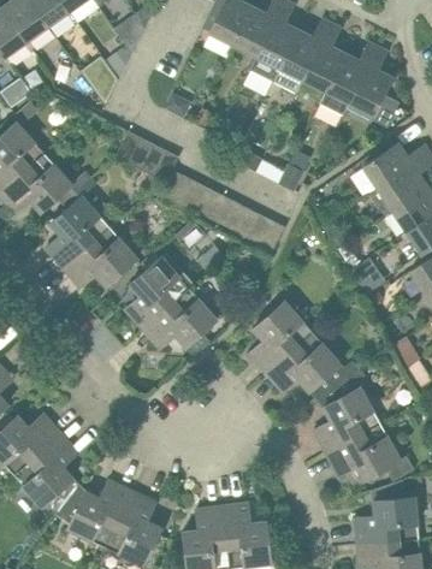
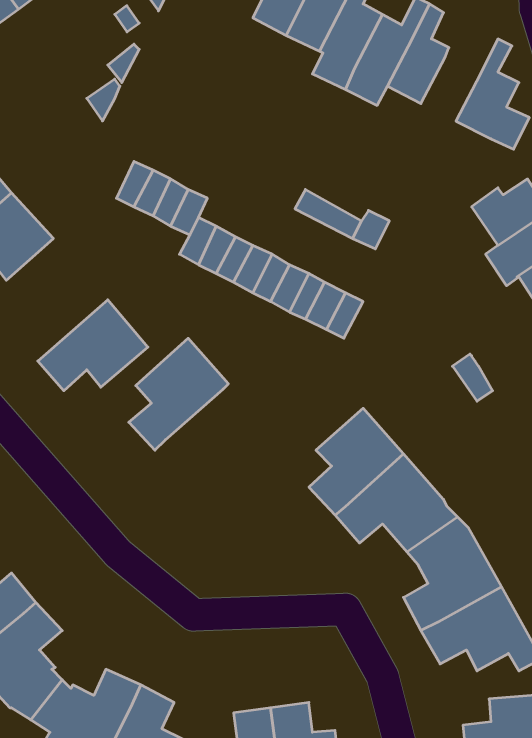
building: [320,41,378,114] -> none
building: [45,195,110,267] -> none
building: [142,286,217,348] -> none

